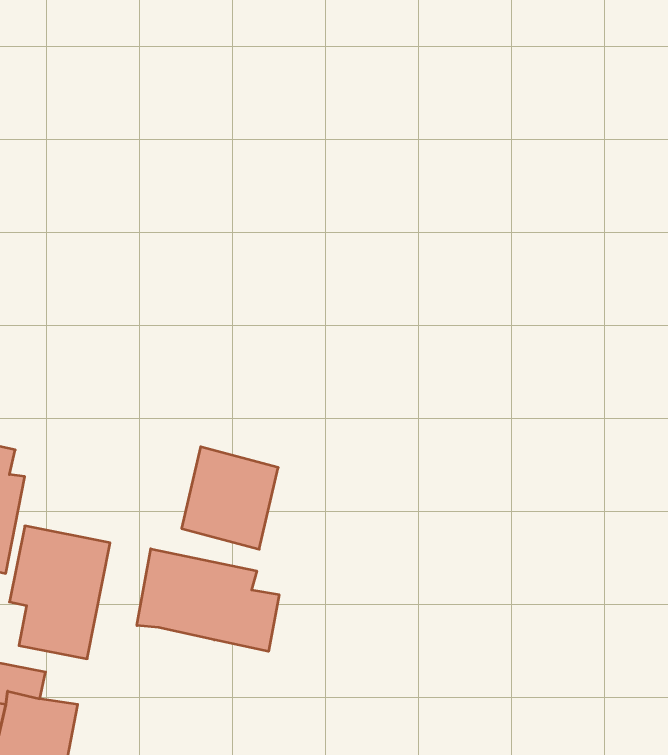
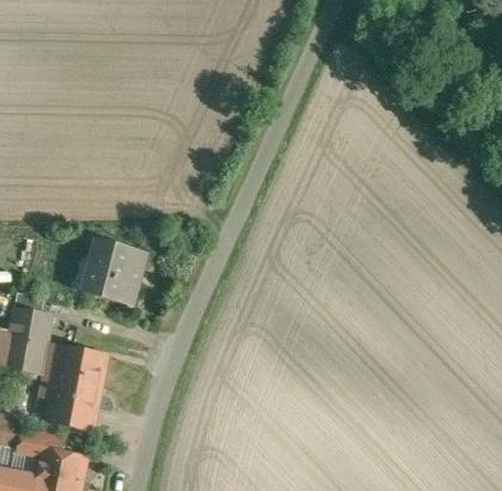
building: [182,447,278,549] -> [84,240,145,304]
building: [137,549,279,651] -> none

